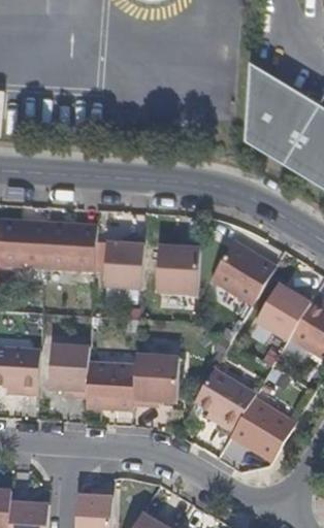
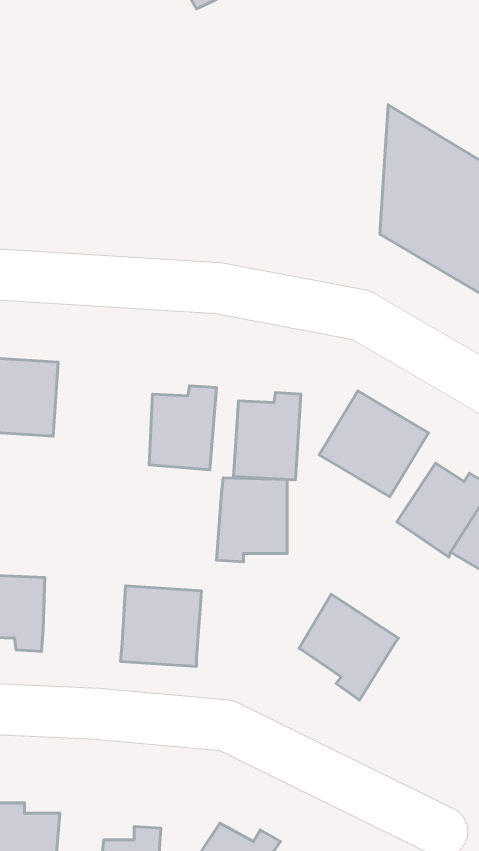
building: [44,223,96,271] -> none
building: [38,342,89,395] -> none
building: [132,354,175,405] -> [217,478,287,562]
building: [230,395,296,459] -> none

